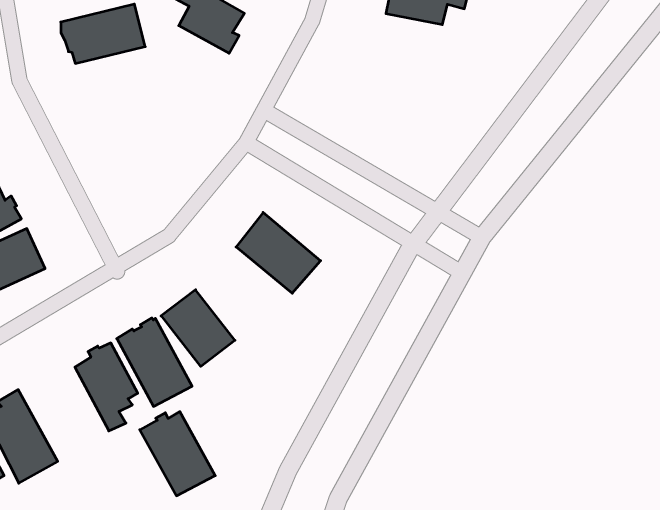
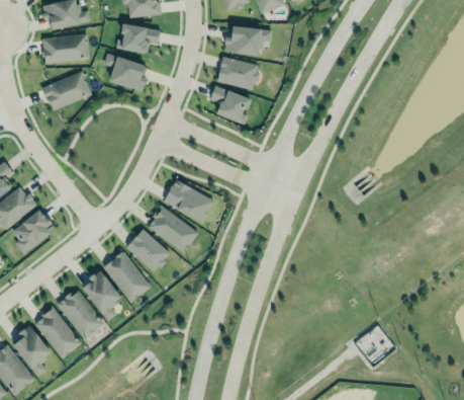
building: none -> [216,58,260,91]
building: none -> [210,87,252,126]
building: none -> [149,204,198,251]
building: [140,412,215,496] -> [57,289,104,337]

